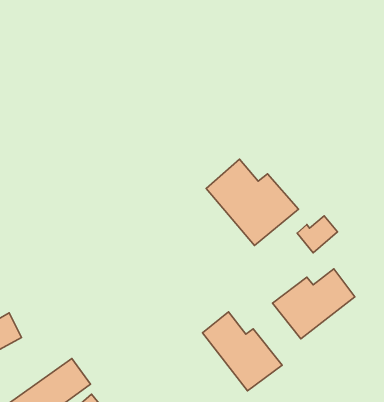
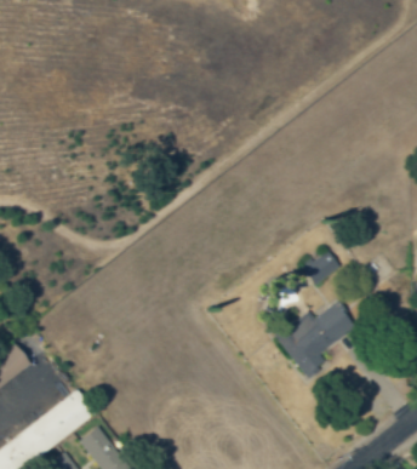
building: [206,159,299,246] -> none
building: [203,312,282,391] -> none

